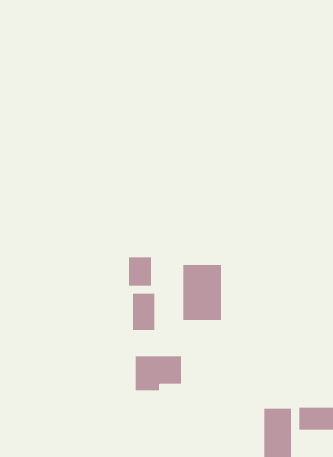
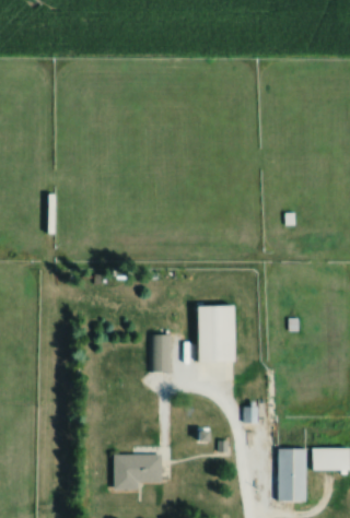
building: [128,257,151,287] -> none
building: [135,356,182,391] -> [113,454,160,488]

